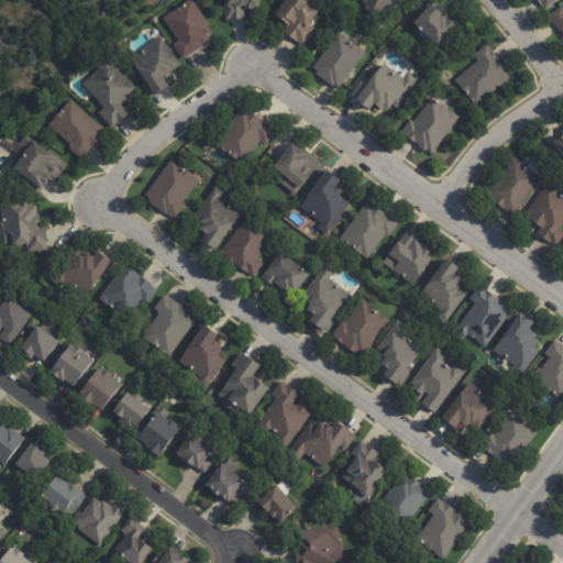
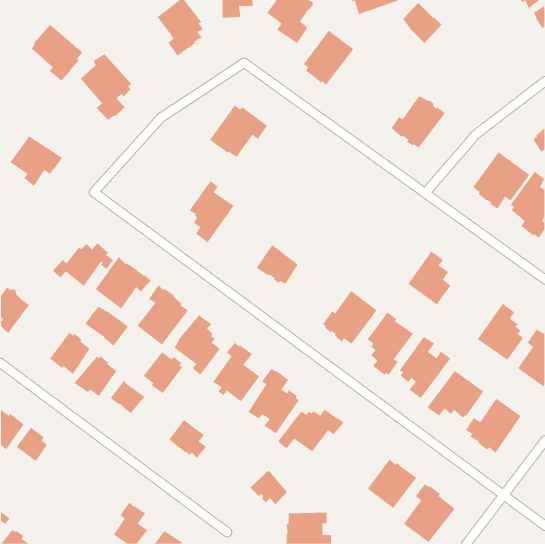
building: [130,35,181,97] -> none
building: [454,44,509,104] -> none
building: [351,62,419,110] -> none
building: [48,99,102,158] -> [31,24,83,81]
building: [273,142,321,195] -> none
building: [144,157,199,217] -> none
building: [299,170,349,232] -> none
building: [340,201,397,257] -> none
building: [4,205,51,251] -> none
building: [220,210,276,275] -> none
building: [383,229,434,284] -> none
building: [300,262,349,330] -> none
building: [454,285,511,346] -> none
building: none -> [85,306,129,346]
building: [20,325,59,362] -> none
building: [137,411,179,455] -> [143,351,183,394]
building: [343,440,387,497] -> none
building: [203,457,243,503] -> none
building: [43,475,89,518] -> none
building: [77,496,125,545] -> none

